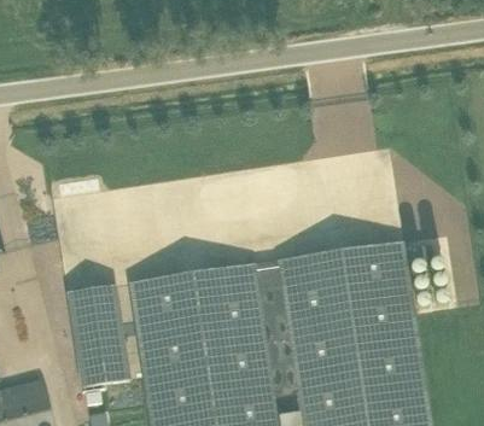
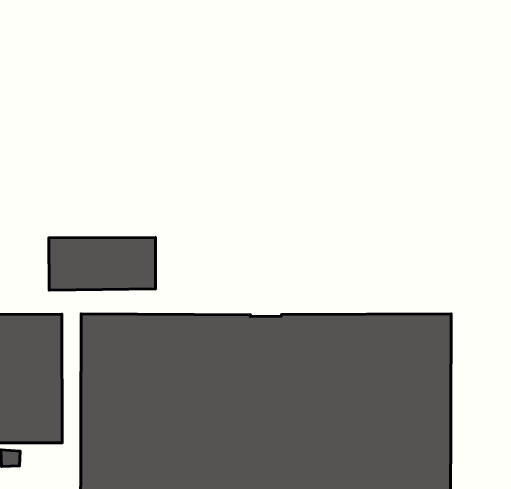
building: none -> [49,238,156,290]

